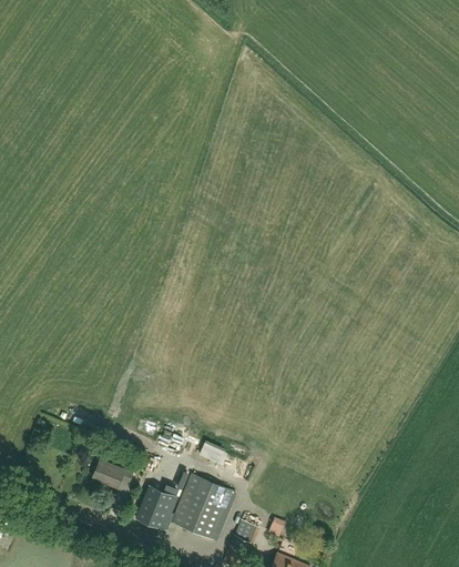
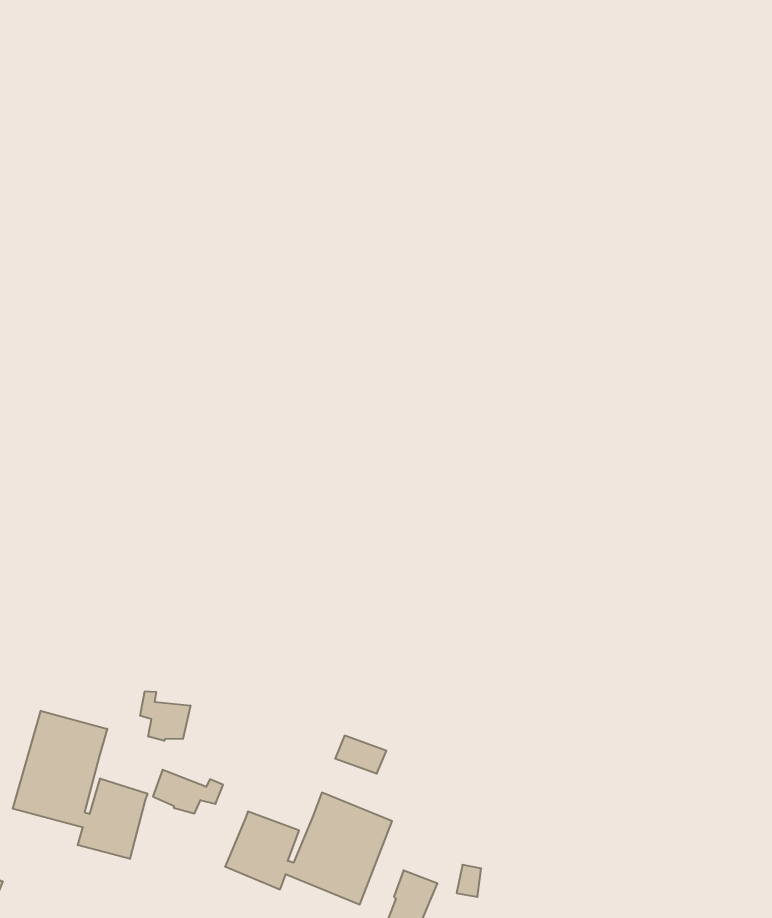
building: none -> [140,691,190,741]
building: none -> [13,711,147,859]

